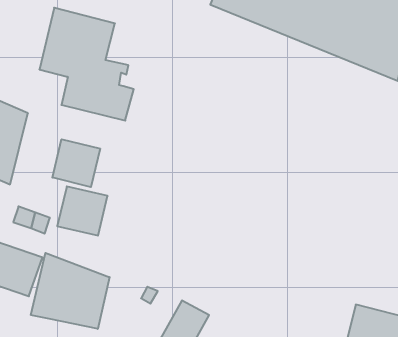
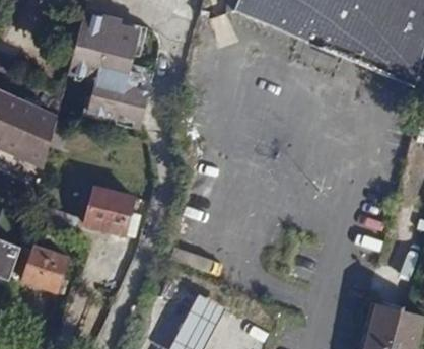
building: [52,139,100,187] -> none
building: [31,253,110,329] -> none

